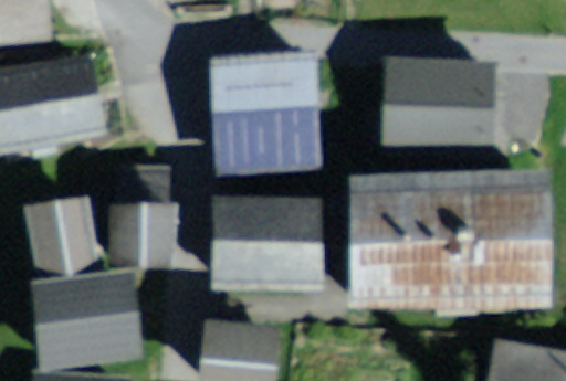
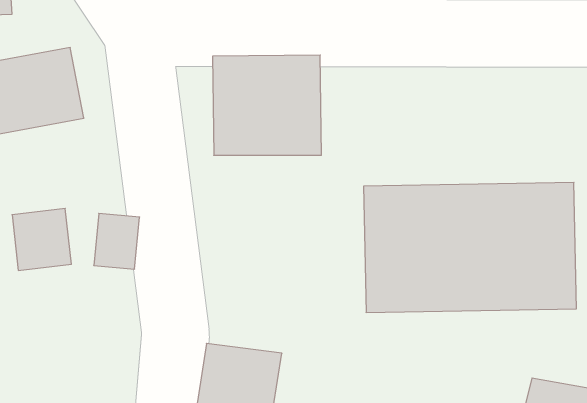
building: [365,62,486,137] -> none
building: [214,204,310,285] -> none
building: [35,279,128,358] -> none

